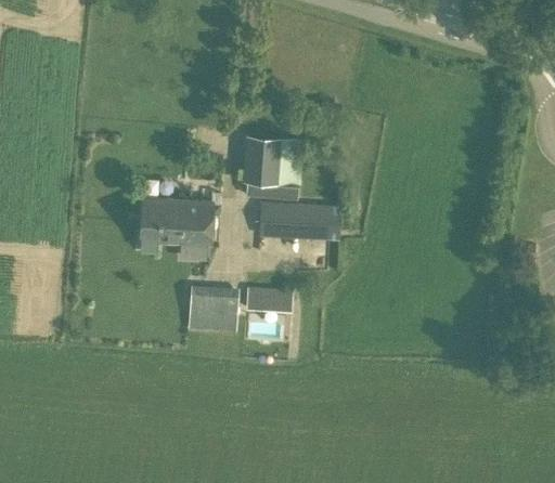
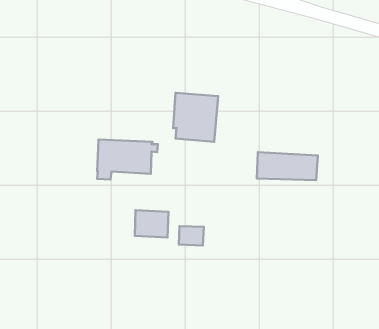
building: [258,201,340,239] -> [257,152,318,180]
building: [246,288,293,312] -> none

